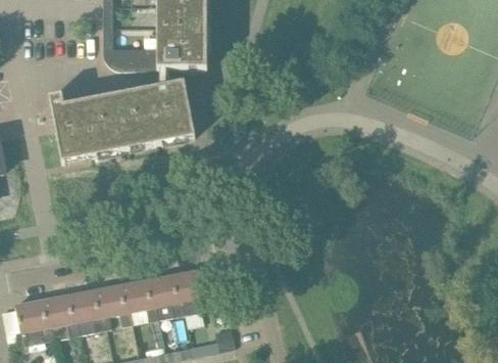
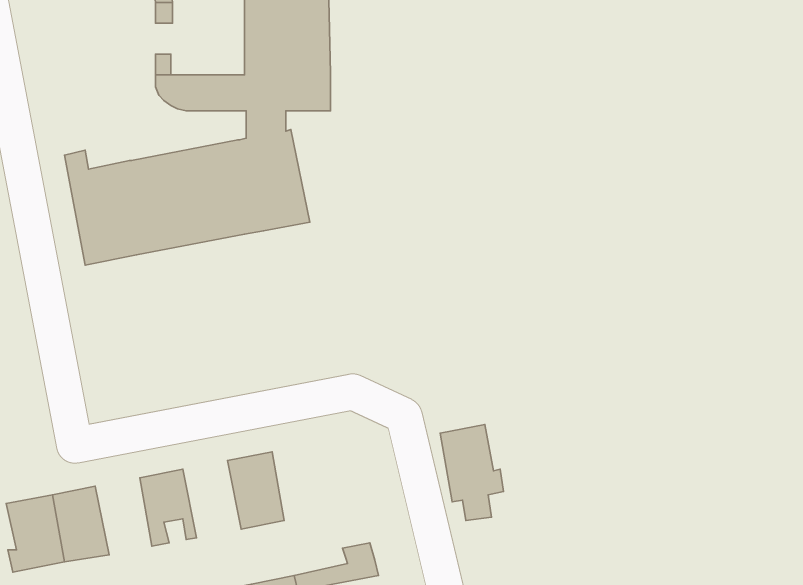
building: [172,269,210,326] -> [440,425,504,521]
building: [119,279,154,325] -> none
building: [67,289,101,335] -> none

